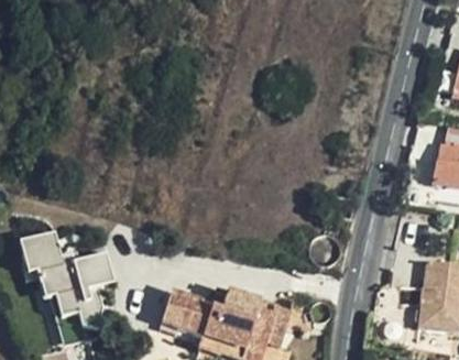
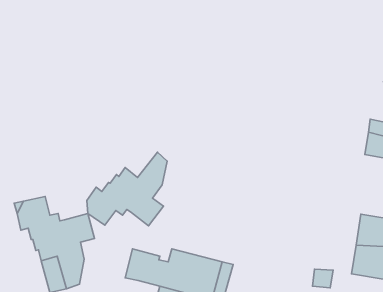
building: none -> [87,152,167,226]

